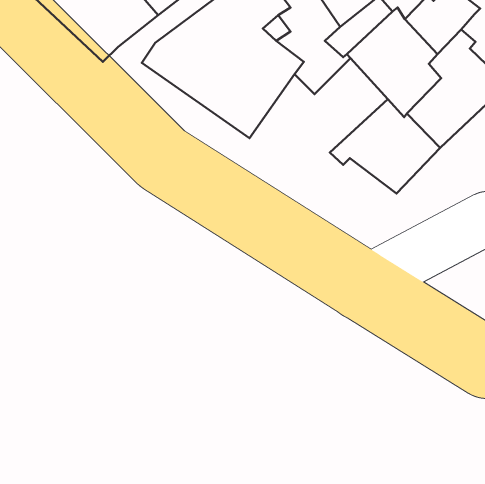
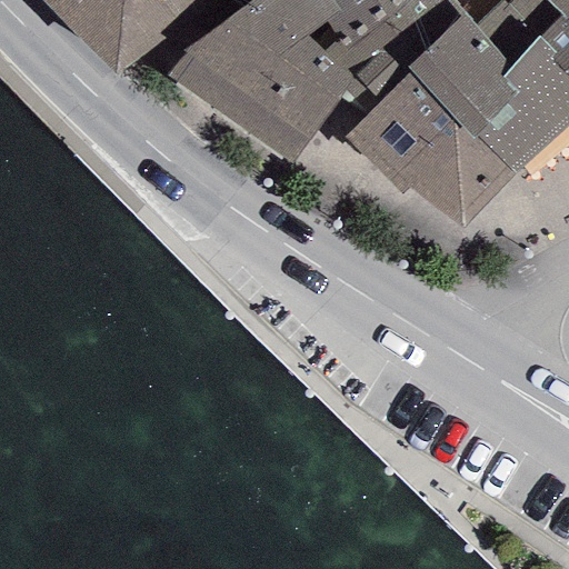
building: none -> [345,68,455,178]

